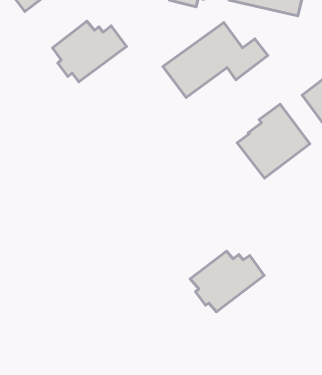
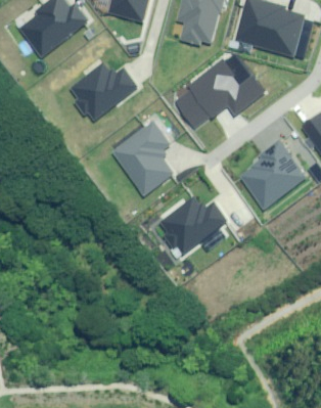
building: none -> [111,120,175,194]
building: [190,251,264,312] -> [159,196,228,253]

